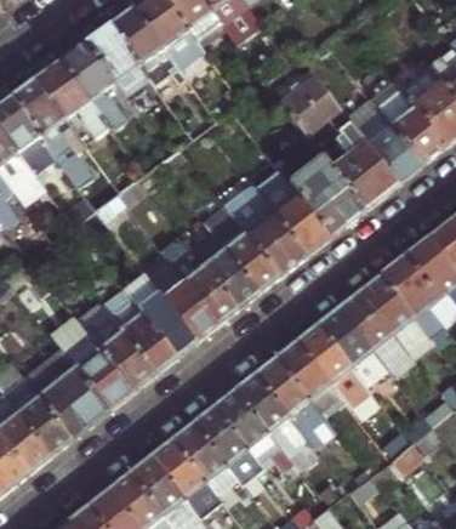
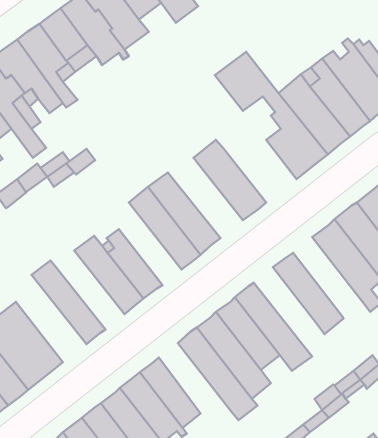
building: [286,150,365,234] -> none
building: [226,182,307,273] -> none
building: [158,234,240,324] -> none
building: [361,272,437,358] -> none
building: [103,286,178,372] -> none
building: [319,305,388,383] -> none
building: [50,309,137,408] -> none
building: [216,387,296,473] -> none

